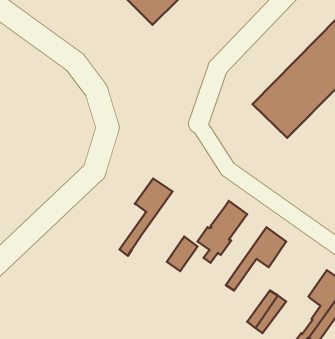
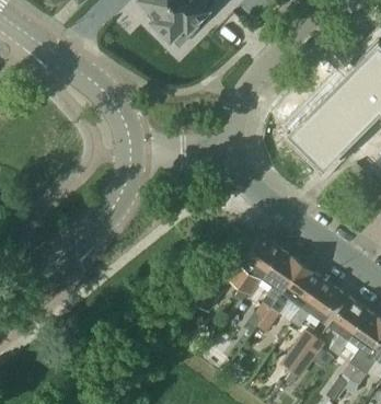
building: [120,178,173,256] -> [245,251,302,334]
building: none -> [291,280,342,328]
building: none -> [328,298,367,356]

